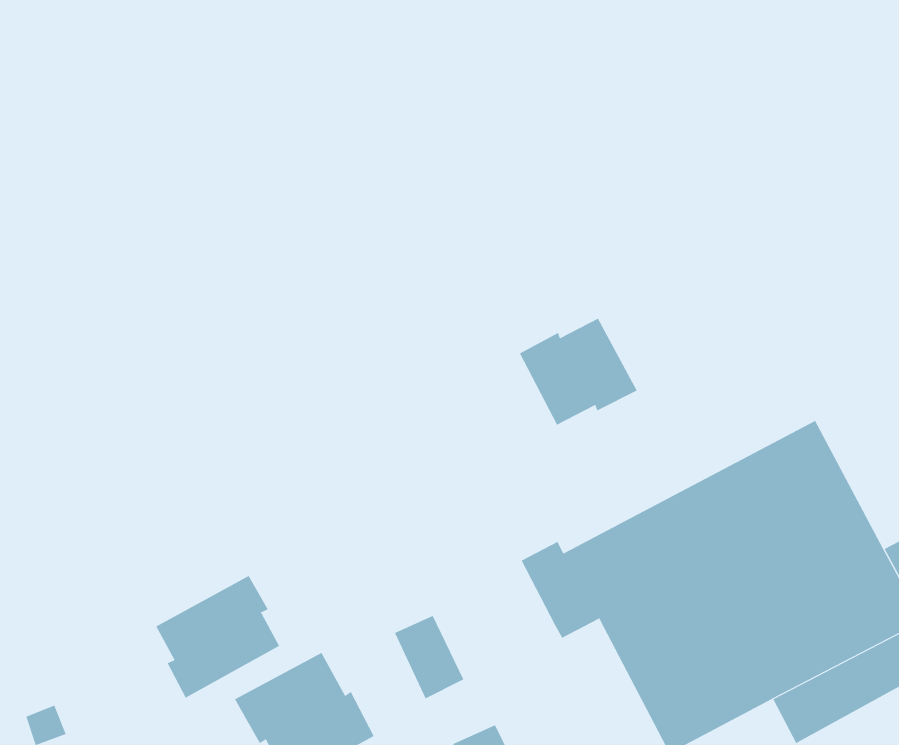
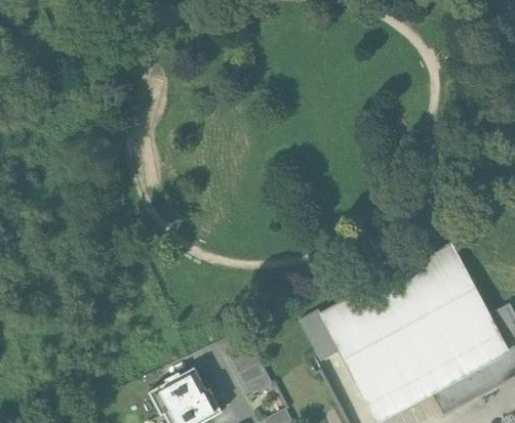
building: [519,318,637,426] -> none
building: [155,575,280,699] -> none

